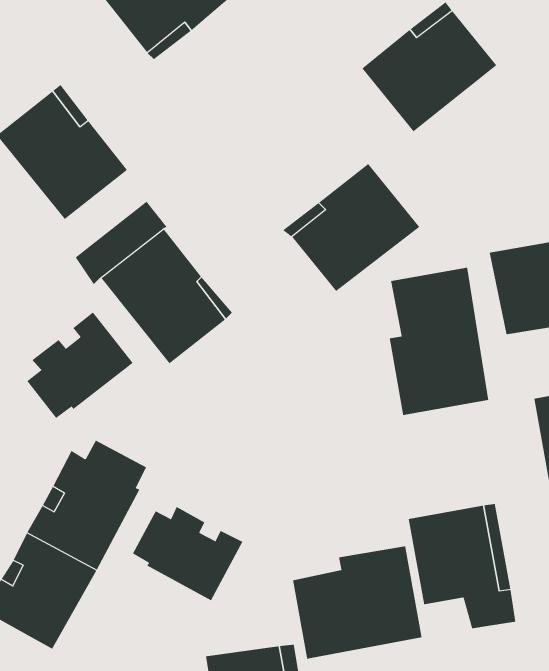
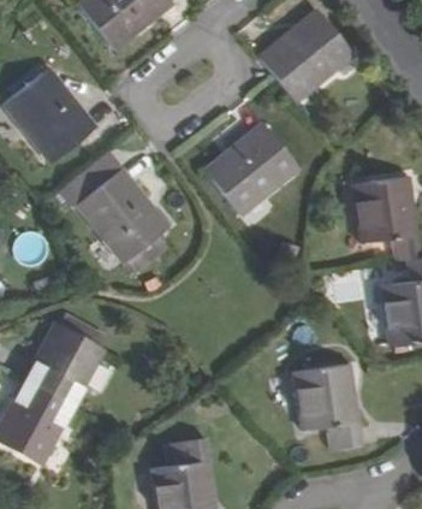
building: [389,267,489,416] -> none
building: [27,311,133,419] -> none
building: [132,506,243,601] -> none
building: [292,545,422,660] -> none

